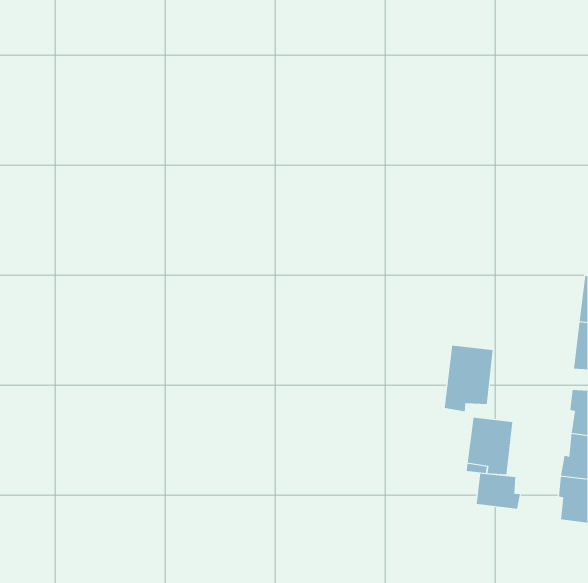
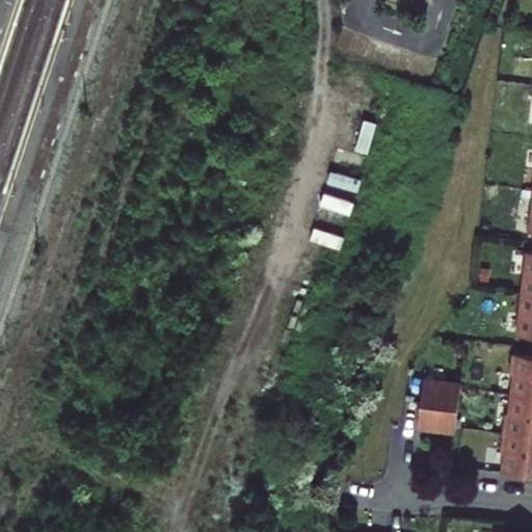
building: [444,345,493,412] -> none
building: [476,473,520,510] -> none

